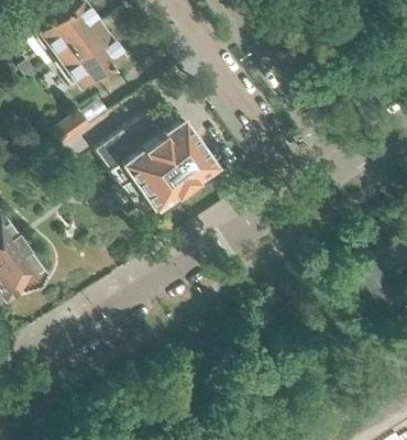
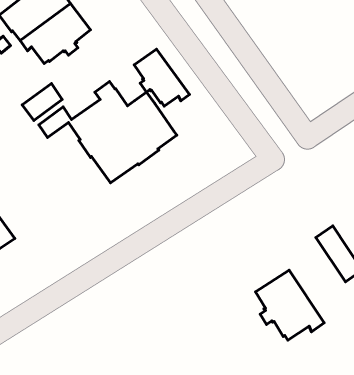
building: none -> [134,49,189,106]
building: none -> [256,270,324,340]

